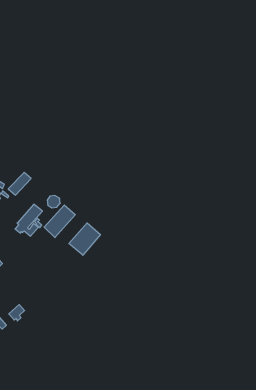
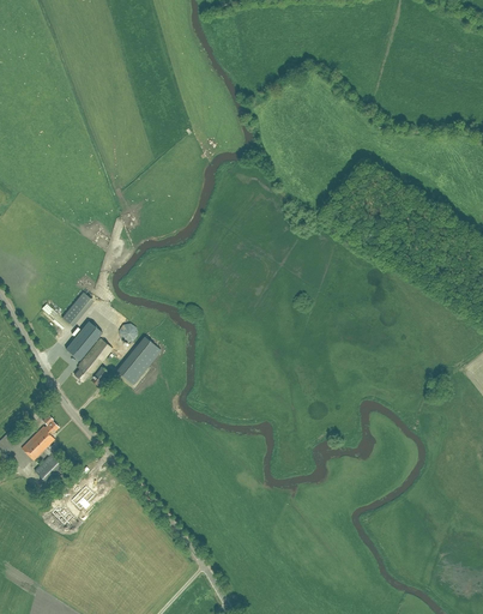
building: none -> [66,320,102,360]
building: [69,223,100,255] -> none

